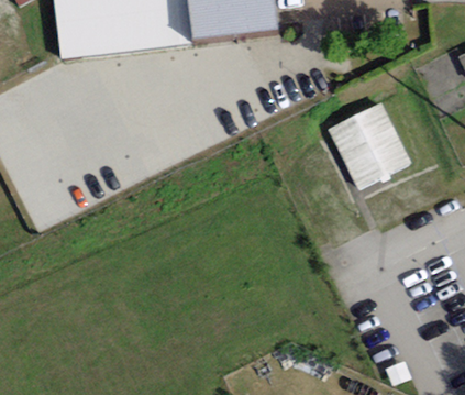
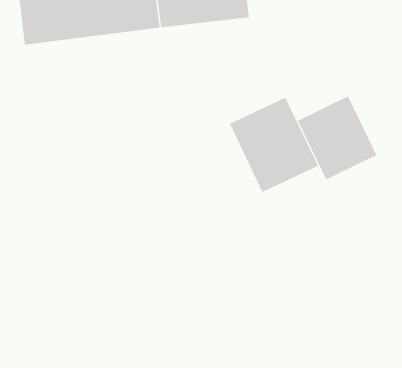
building: none -> [229,97,319,193]

